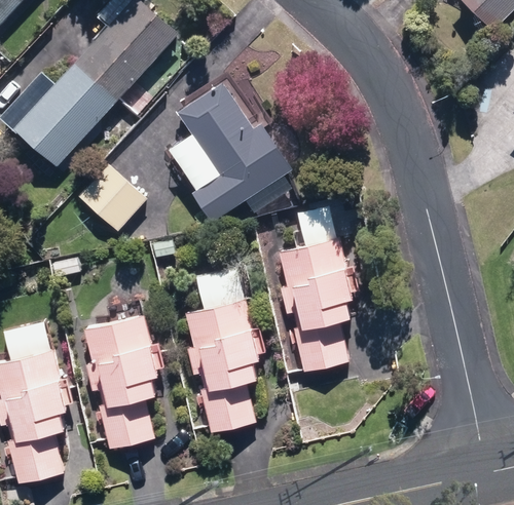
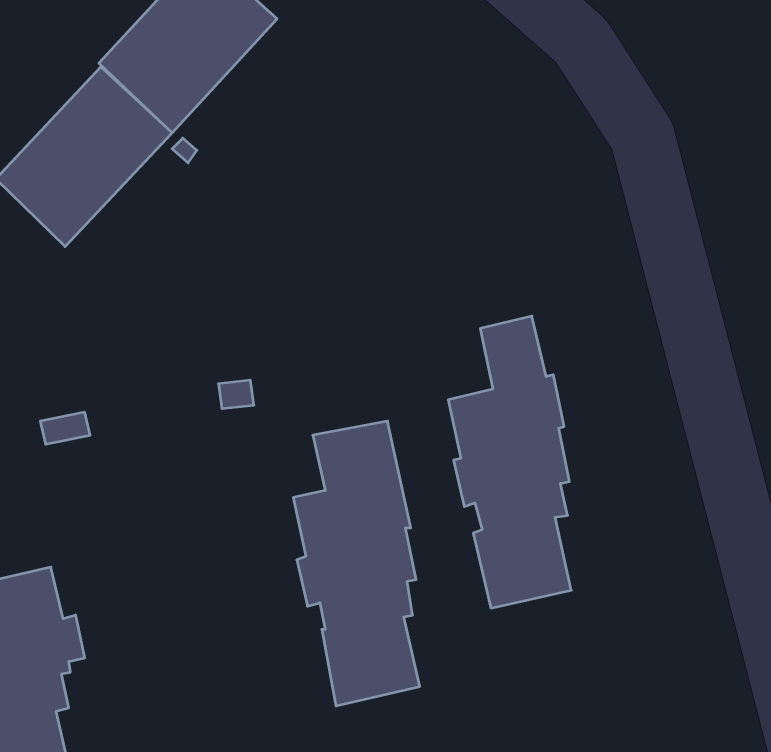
building: [173,83,292,221] -> none
building: [75,164,143,231] -> none
building: [83,313,157,449] -> none

